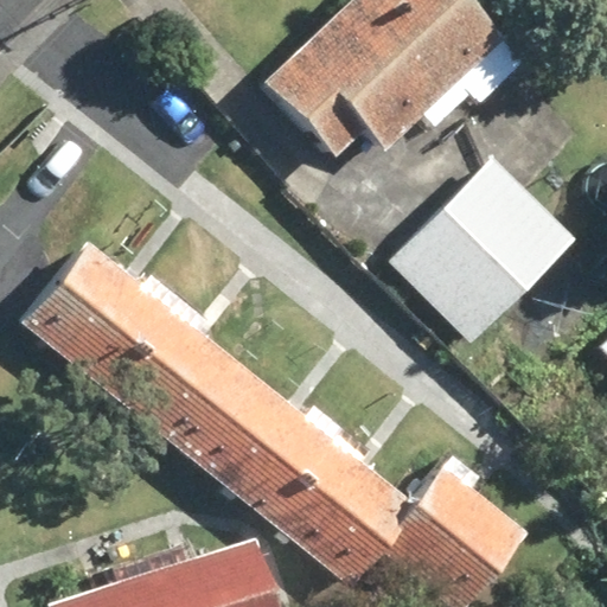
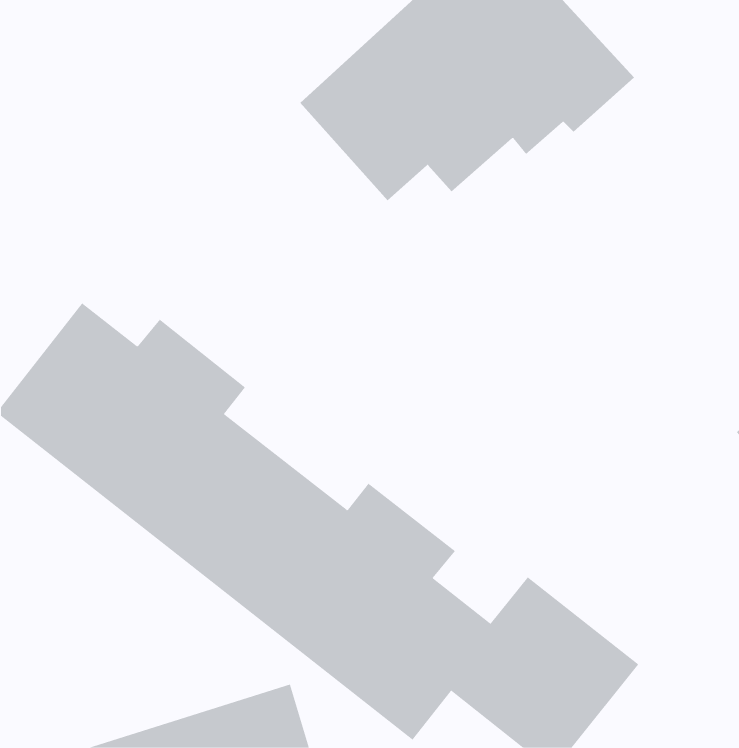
building: [391,154,580,344] -> none

